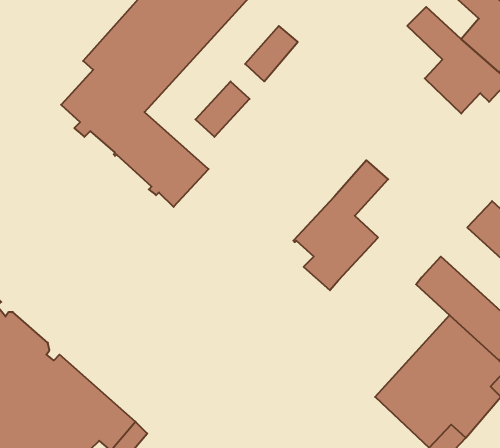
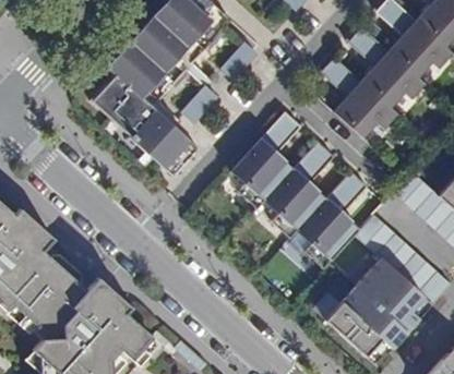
building: none -> [320,56,396,136]
building: none -> [230,111,300,207]
building: none -> [297,171,367,268]

